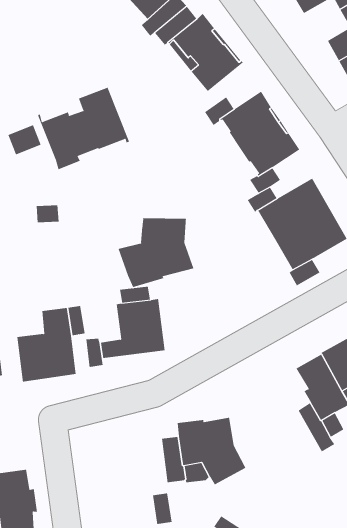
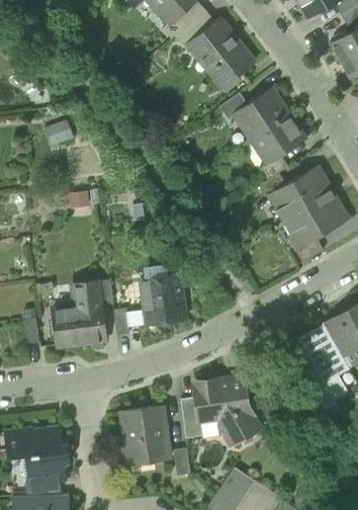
building: [38,87,130,170] -> none
building: [118,212,194,288] -> none
building: none -> [121,407,170,464]

